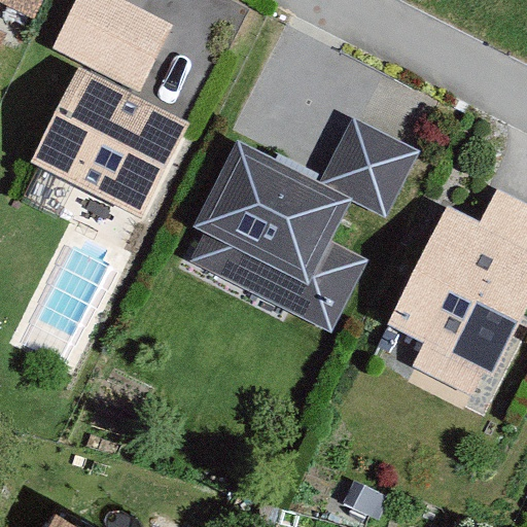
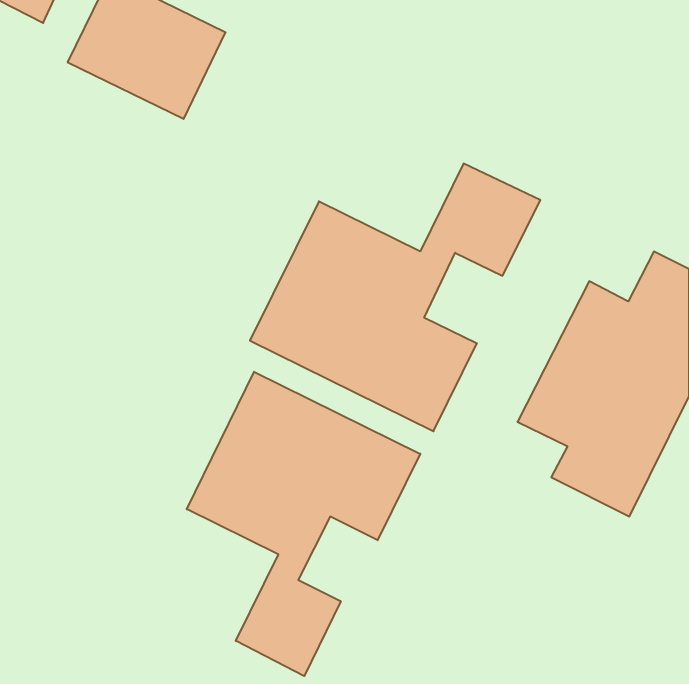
building: [38,77,179,210] -> none
building: none -> [187,372,420,676]

